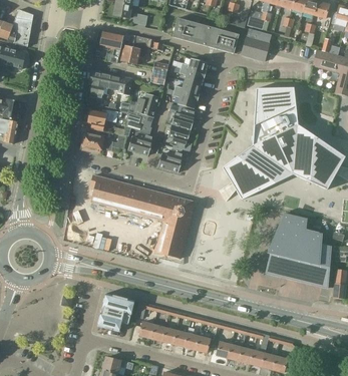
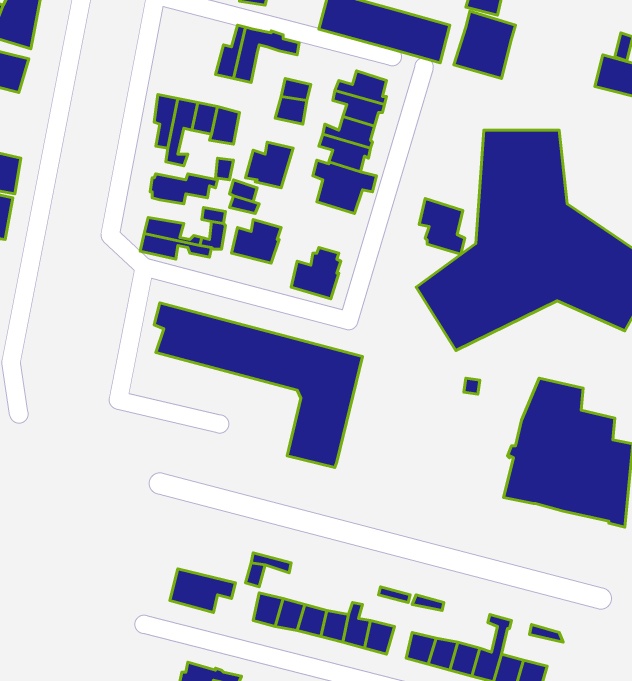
building: [100,30,124,56] -> none
building: [168,123,192,151] -> [419,199,465,254]
building: [101,293,134,316] -> none

